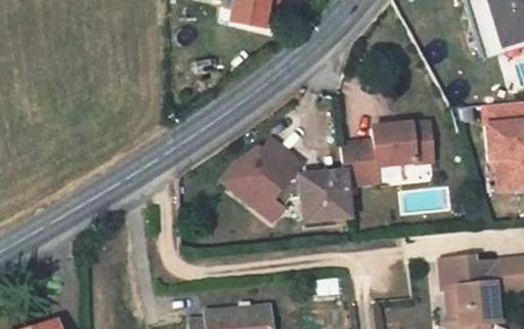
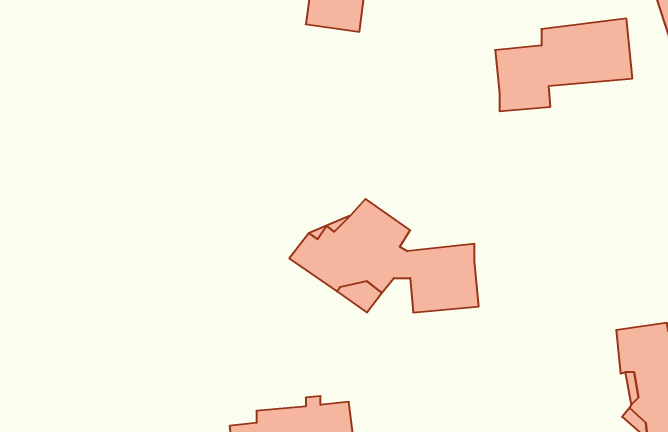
building: [343,124,437,188] -> [495,19,632,111]

